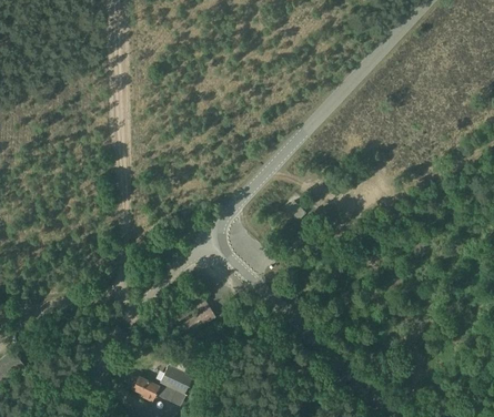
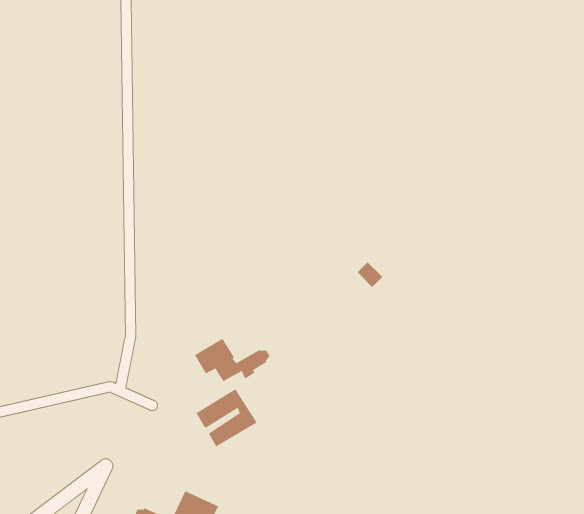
building: none -> [194,338,270,382]

